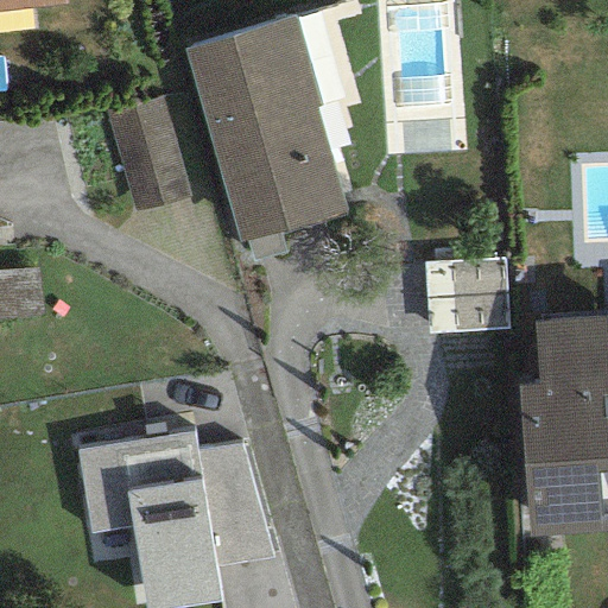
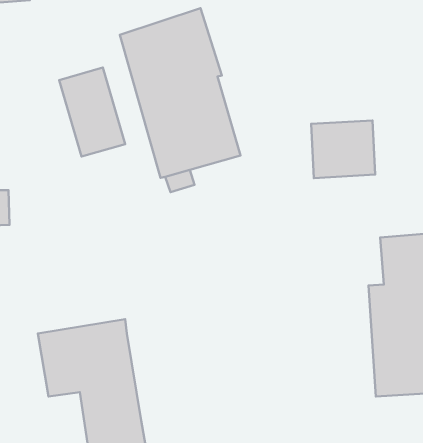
building: [425,256,511,334] -> [311,120,375,178]
building: [197,442,274,565] -> none

